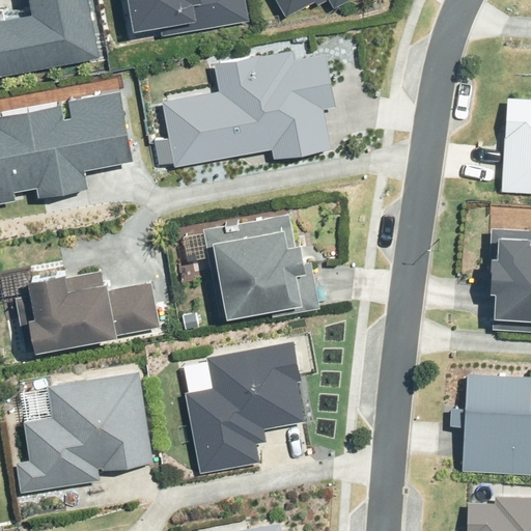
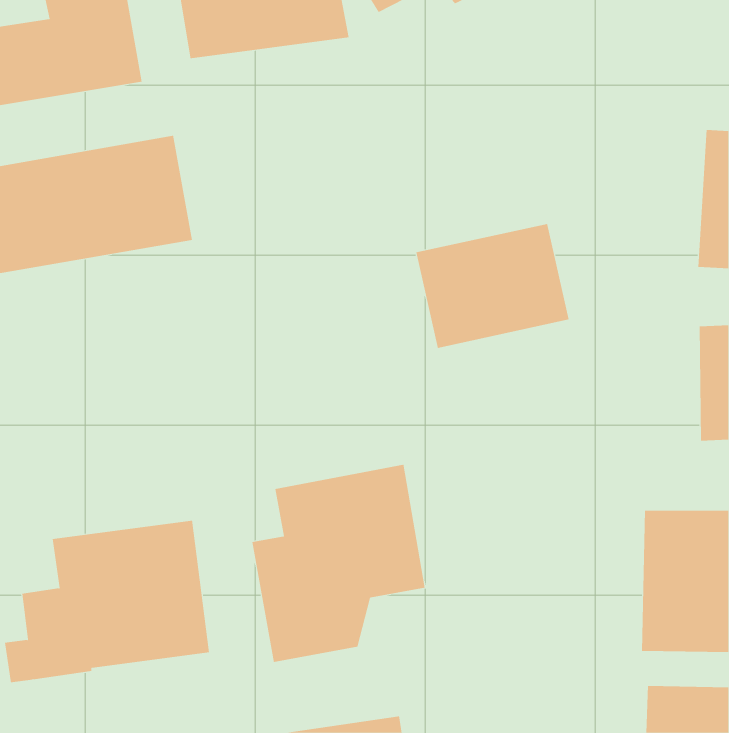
building: [168,34,344,171] -> none
building: [201,226,312,316] -> [416,223,569,348]
building: [13,269,164,357] -> none

